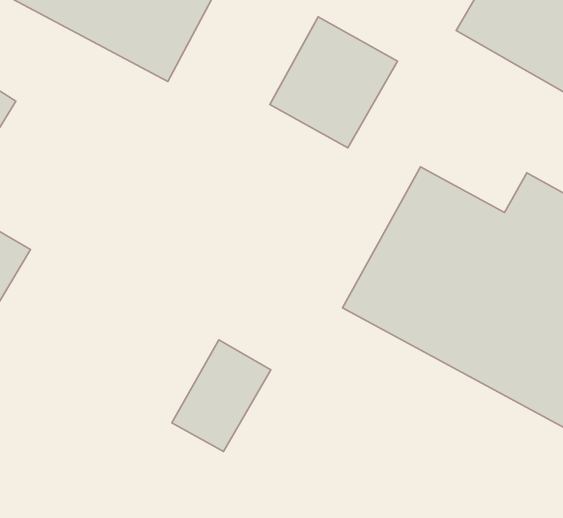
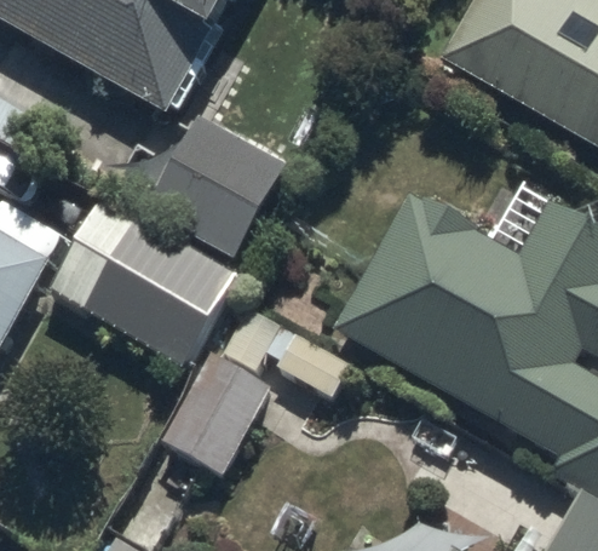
building: [270,17,397,148] -> [159,121,283,249]
building: none -> [62,210,236,366]

